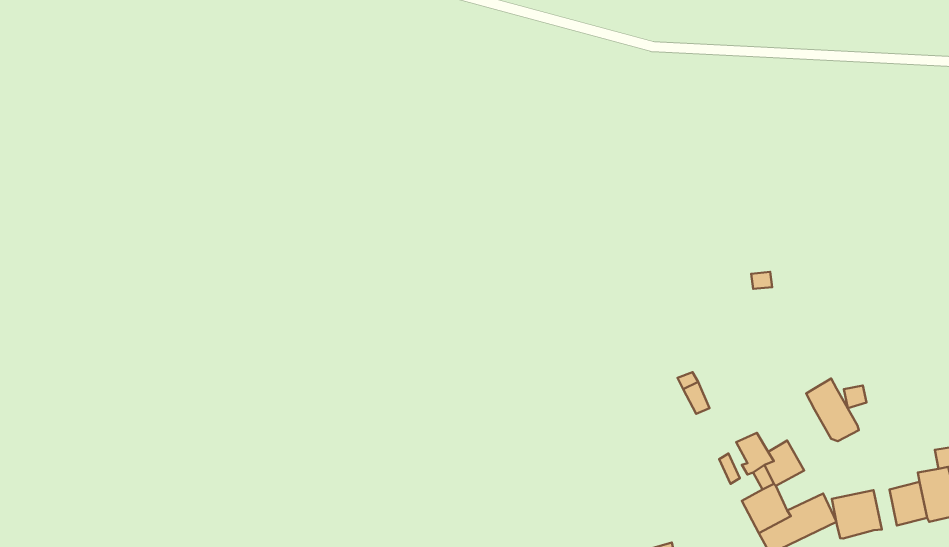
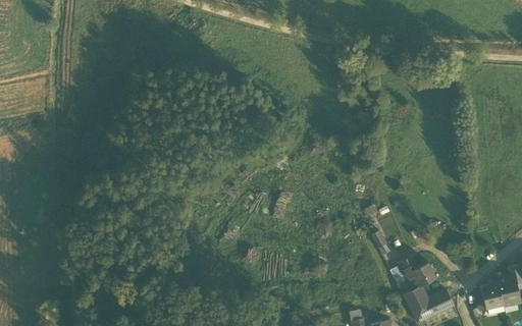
building: [806,379,859,441] -> none
building: [832,490,882,538] -> none

